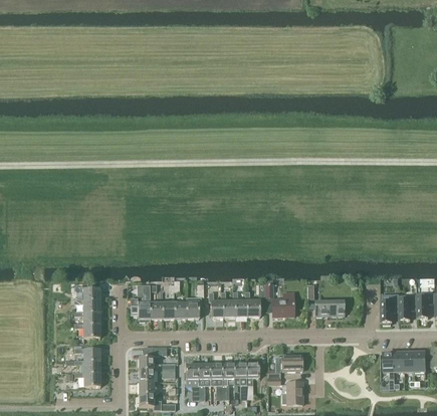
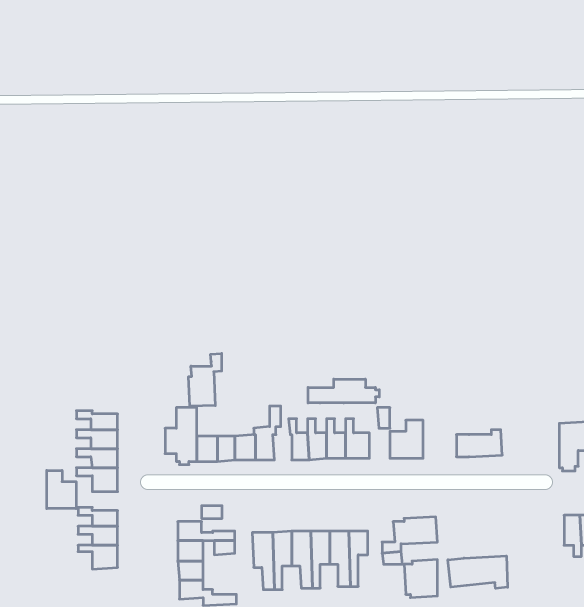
building: none -> [189,353,222,406]
building: none -> [308,379,379,403]
building: none -> [47,470,76,509]
building: none -> [448,556,508,588]

